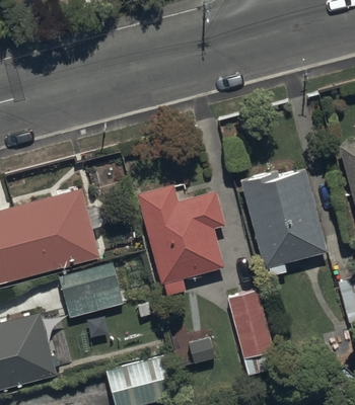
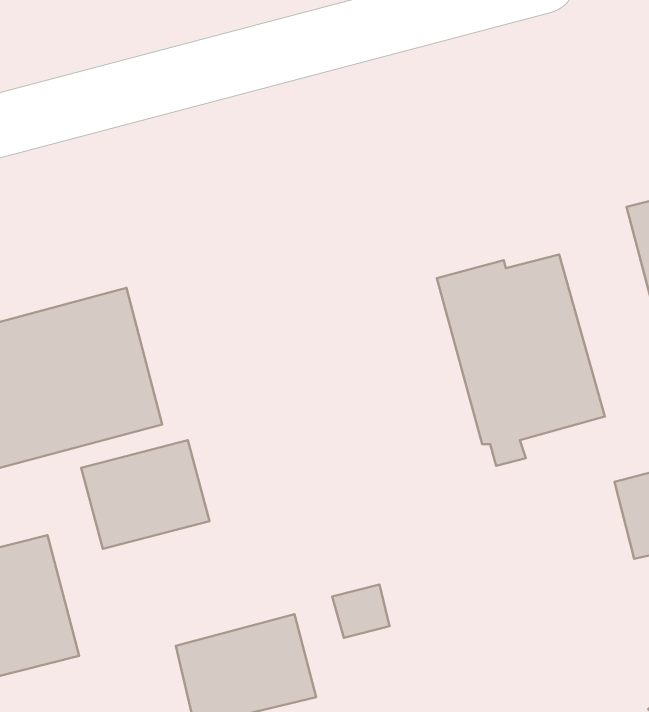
building: [136,183,226,297] -> none
building: [226,290,279,379] -> none

